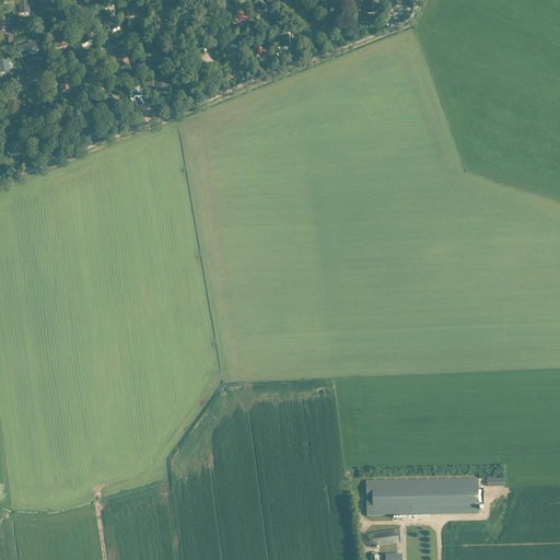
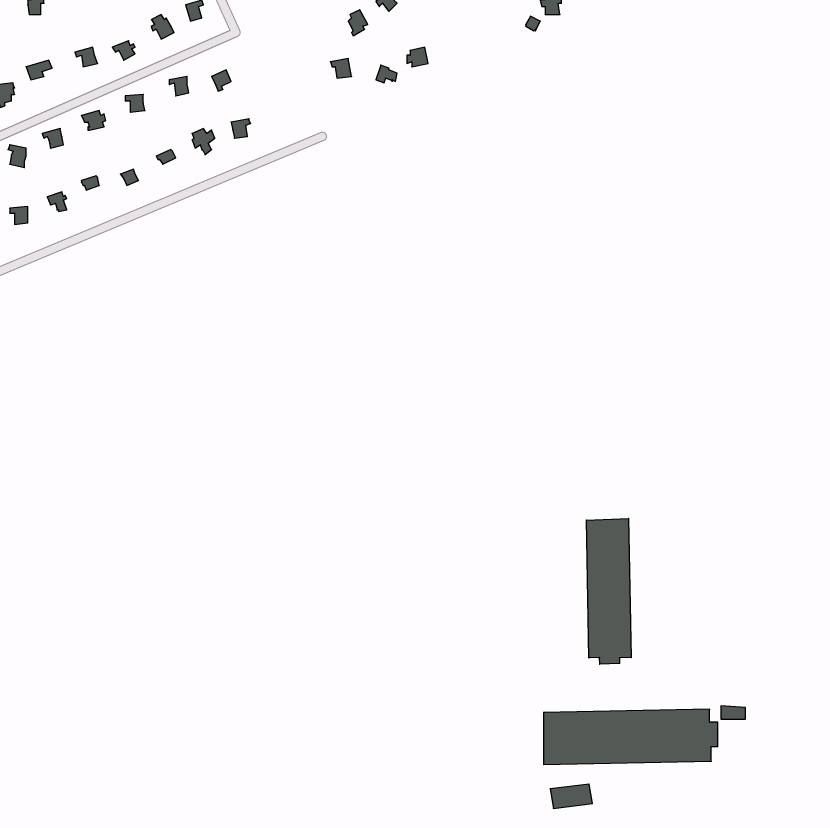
building: none -> [586,518,631,664]

